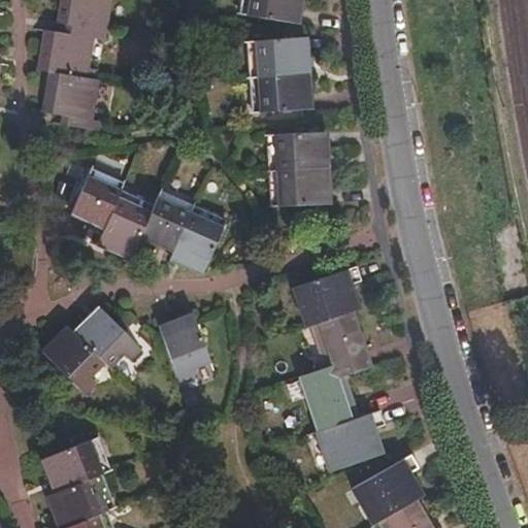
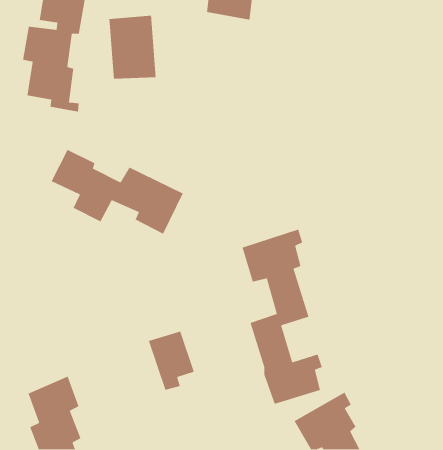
building: [258,37,314,112] -> [109,15,156,80]
building: [276,132,335,205] -> none
building: [40,305,143,398] -> none
building: [155,316,209,386] -> [148,331,195,391]

